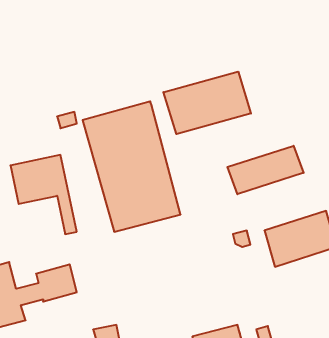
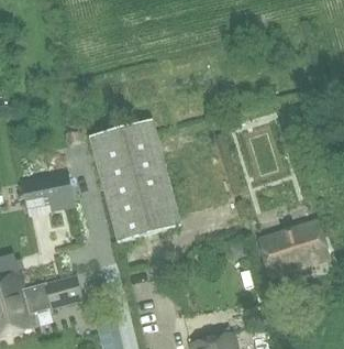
building: [163,72,251,134] -> none
building: [227,146,304,194] -> none

